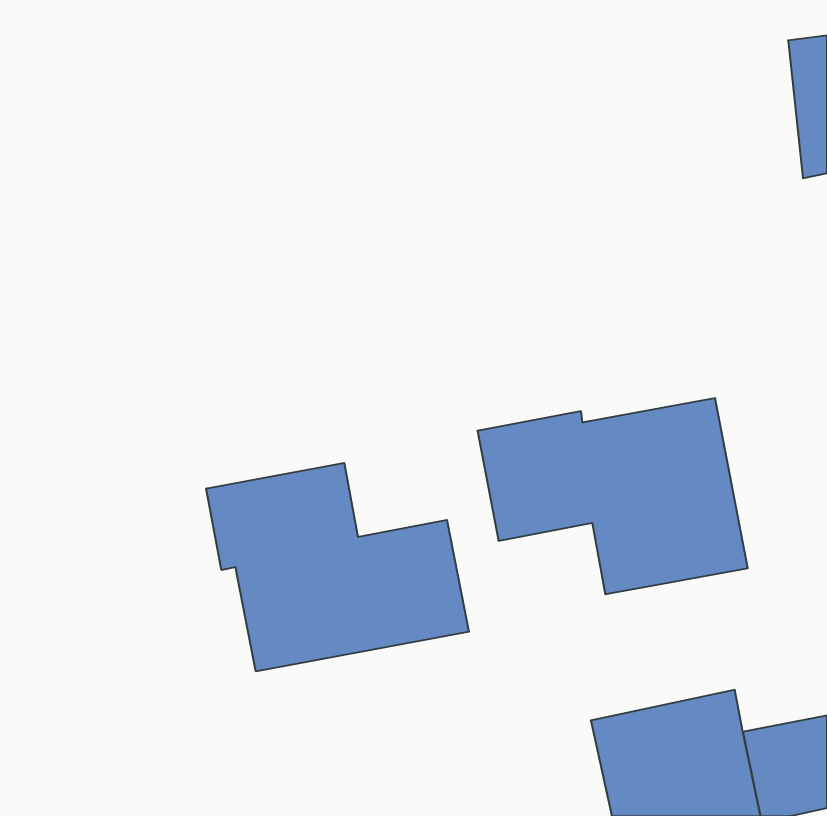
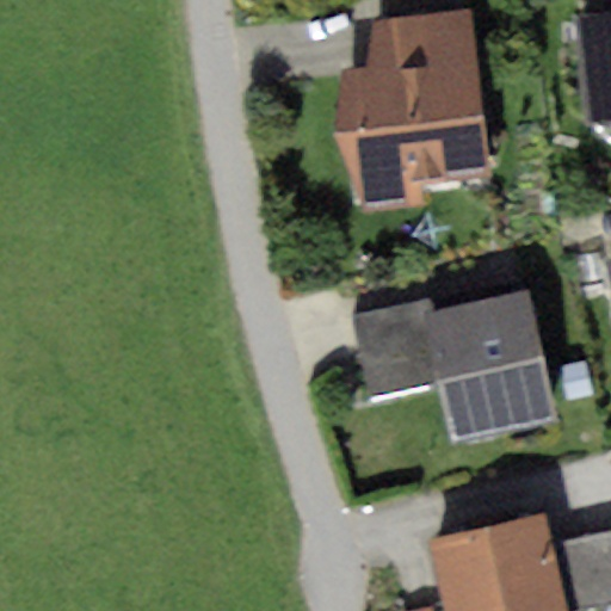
building: none -> [351,19,485,210]
building: [206,463,469,671] -> none

